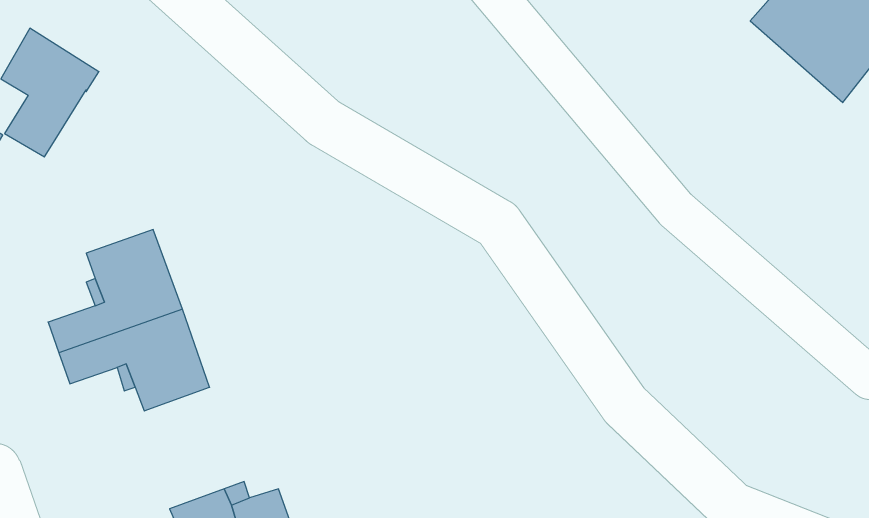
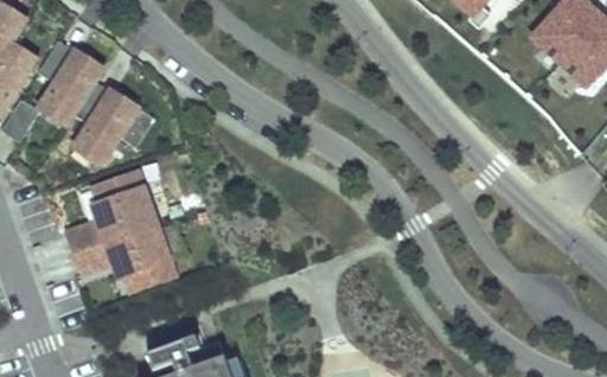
building: none -> [71,78,154,162]

